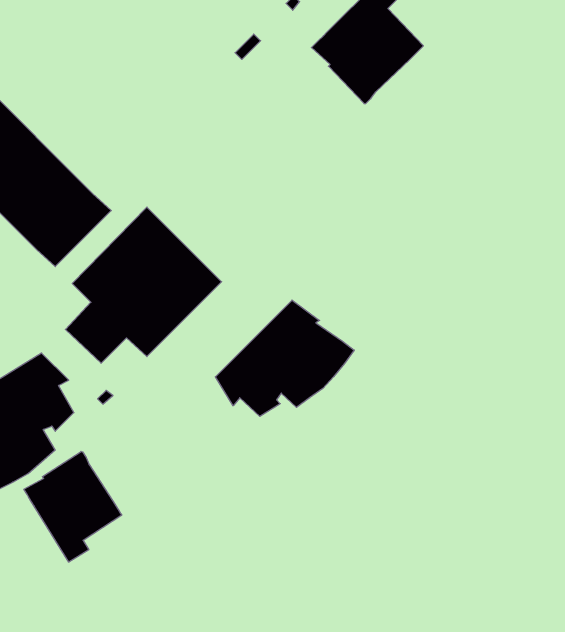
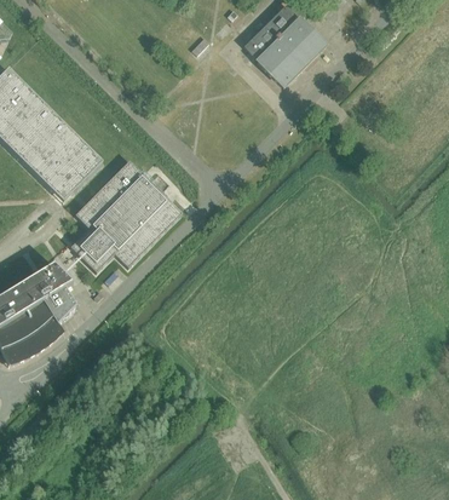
building: [215,300,354,416] -> none
building: [24,451,122,562] -> none

